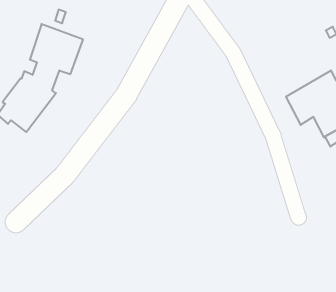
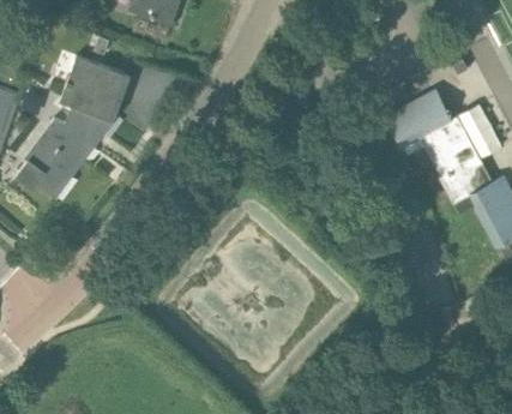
building: none -> [386,90,452,146]

